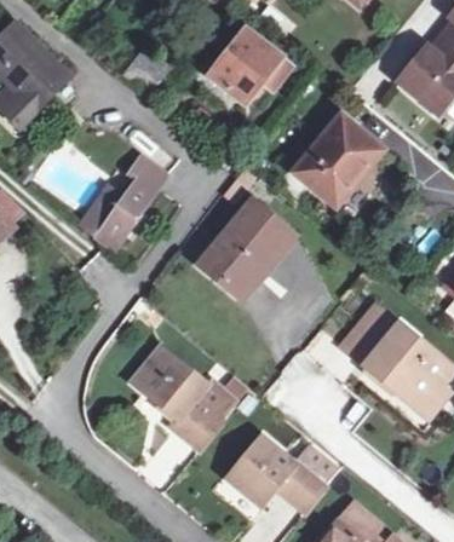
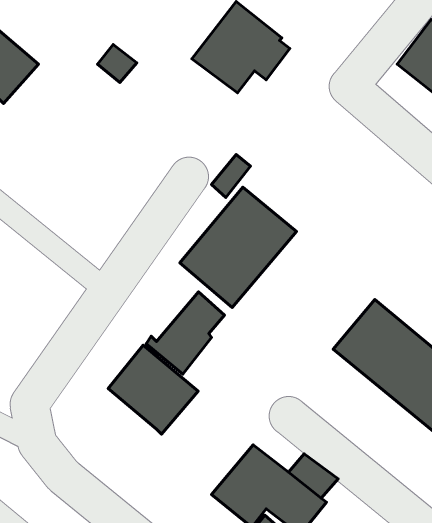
building: [291,108,390,209] -> none
building: [77,157,162,249] -> none
building: [168,375,241,451] -> [146,292,225,374]

